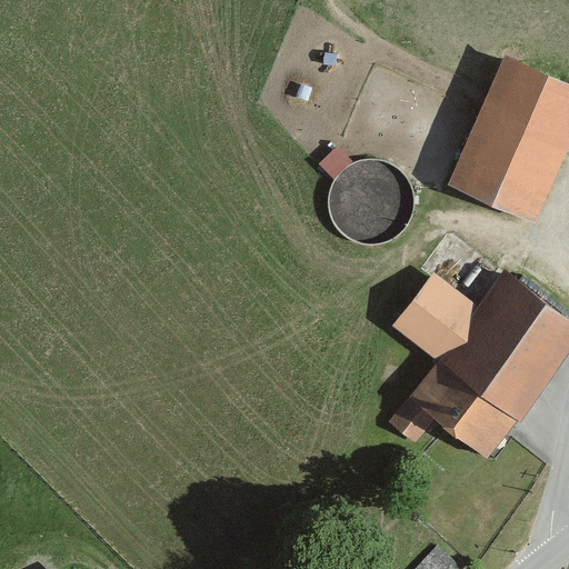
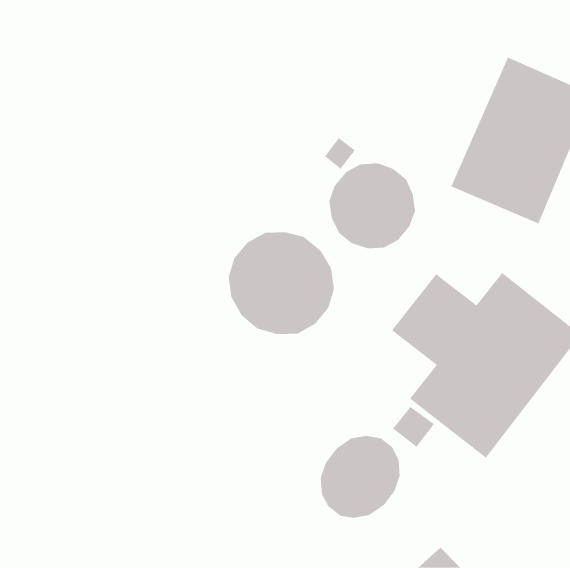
building: none -> [228,231,334,335]
building: none -> [320,435,400,518]

